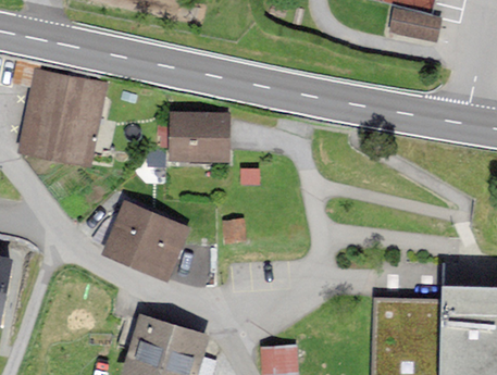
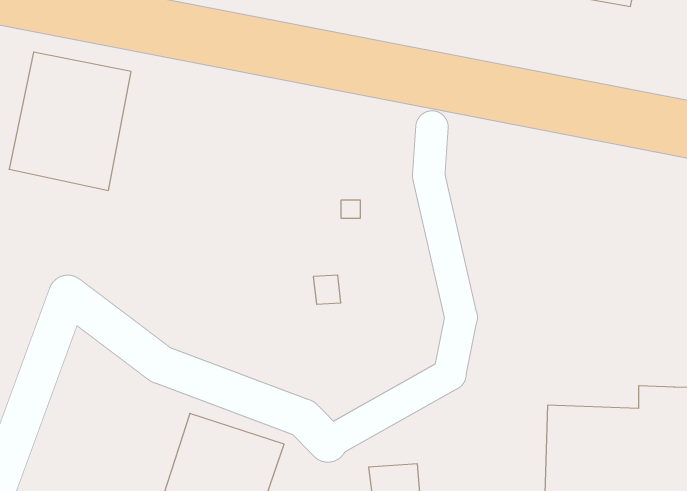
building: [173,113,227,158] -> none
building: [110,207,184,273] -> none

